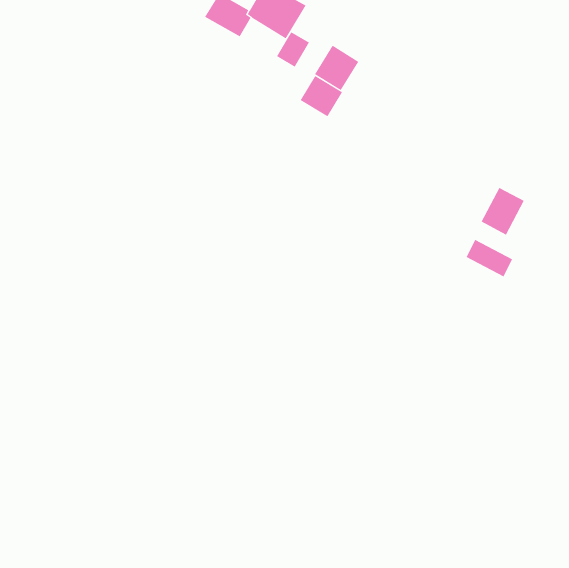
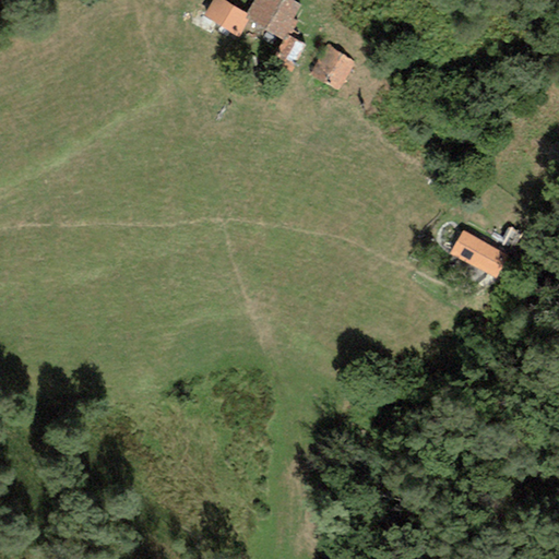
building: [300,75,343,117] -> none
building: [481,187,524,235] -> none

